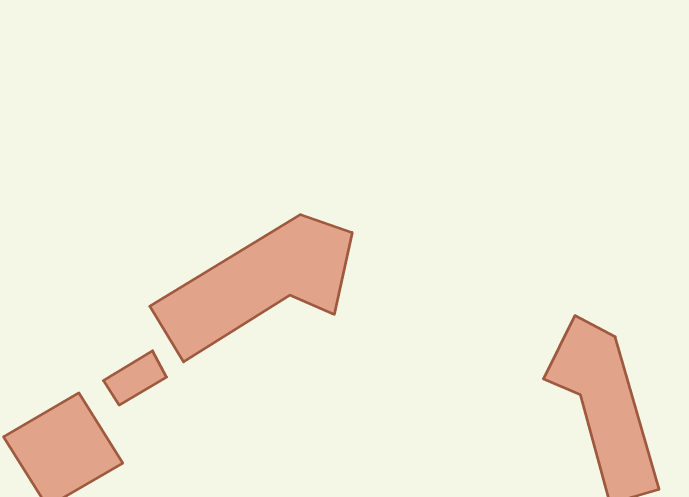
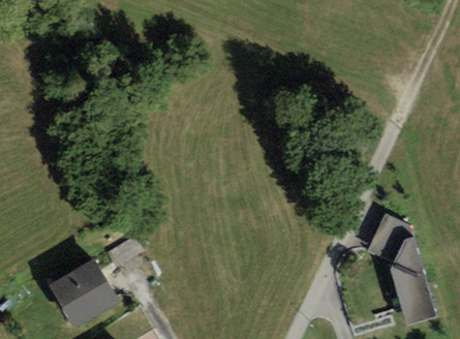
building: [150,215,352,362] -> none

